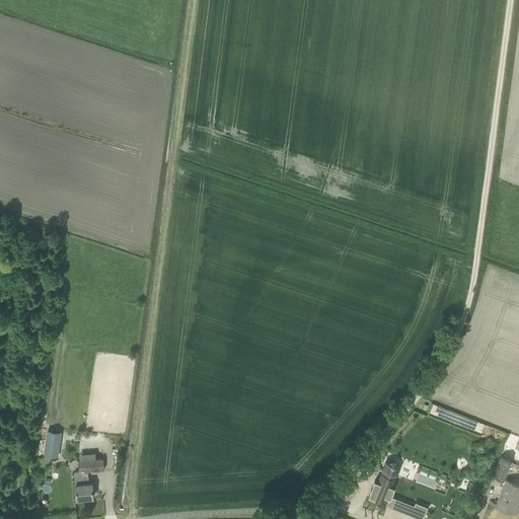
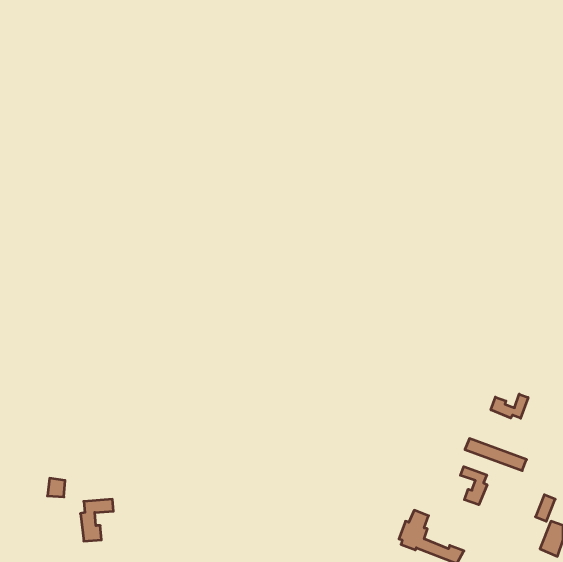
building: none -> [491,394,528,418]
building: none -> [460,467,487,505]

